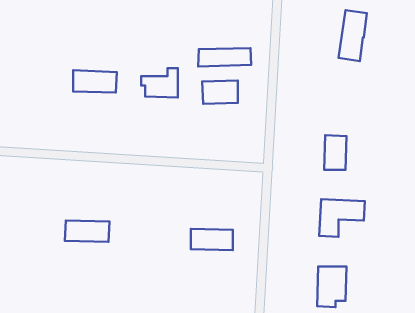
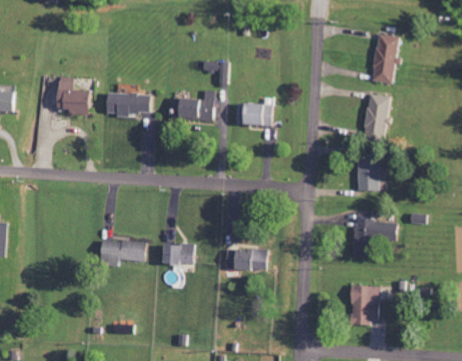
building: [198,48,251,66] -> none
building: none -> [55,77,93,114]
building: none -> [360,93,390,141]
building: none -> [162,244,194,265]

